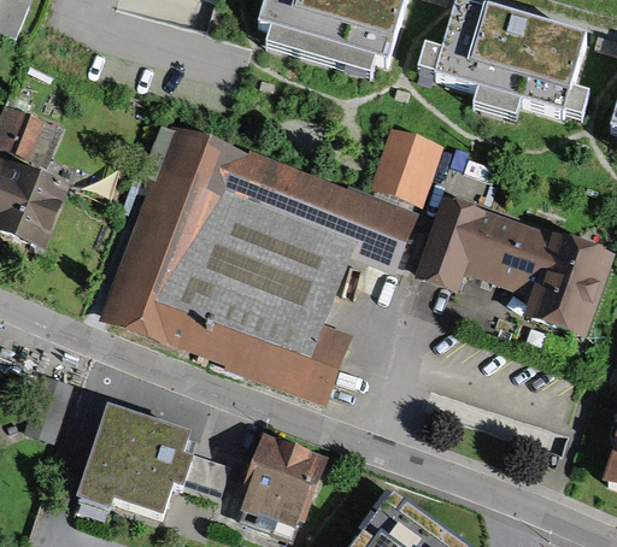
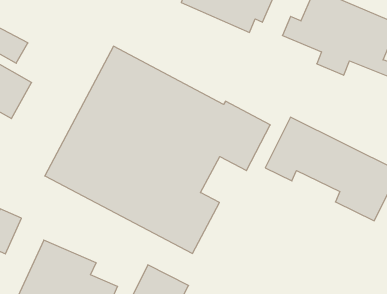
building: [370,124,442,202] -> none

